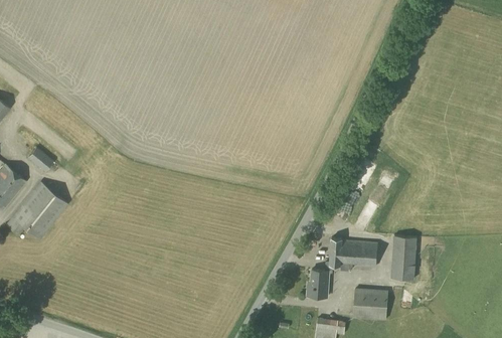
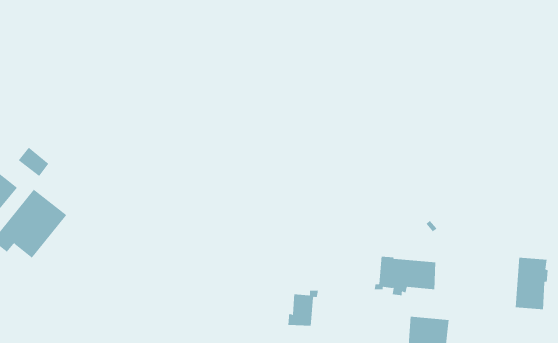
building: [390,235,419,280] -> [515,257,549,310]
building: [307,267,333,297] -> [287,290,319,326]

